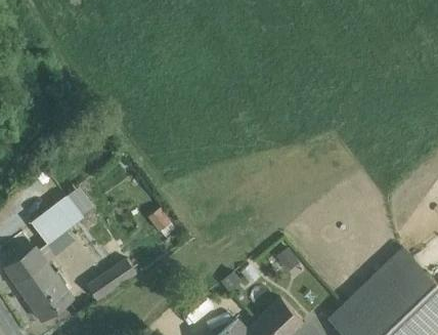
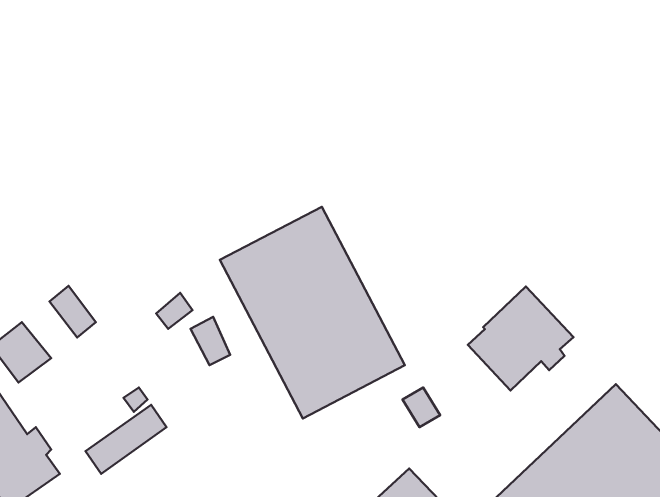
building: none -> [220,207,405,418]
building: none -> [468,287,573,390]
building: [49,199,82,233] -> none

